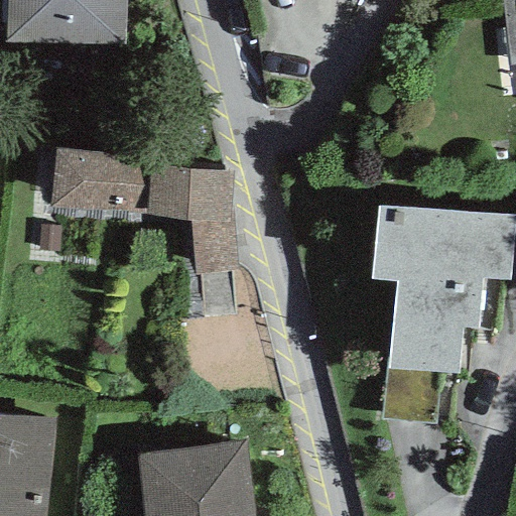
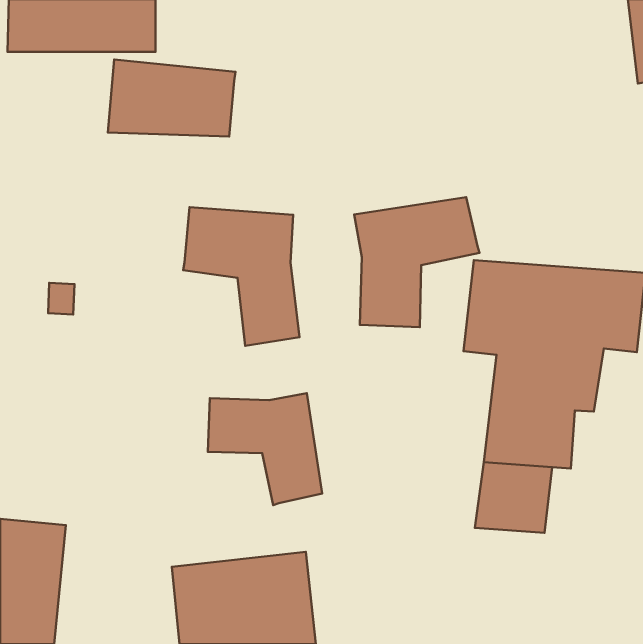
building: [52,148,154,210] -> [108,59,235,136]
building: none -> [354,197,480,327]
building: none -> [208,393,322,505]

